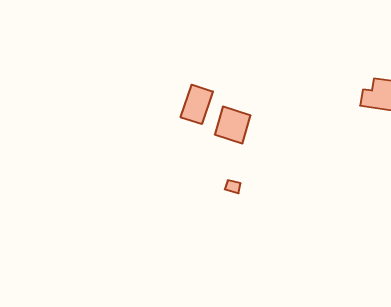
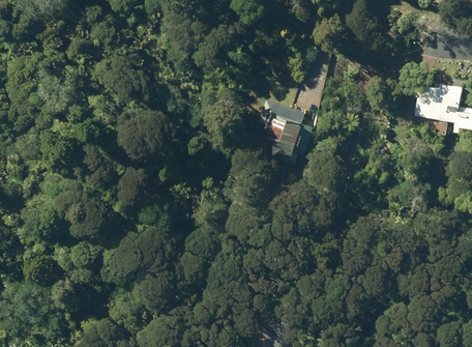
building: [181,85,213,124] -> none

